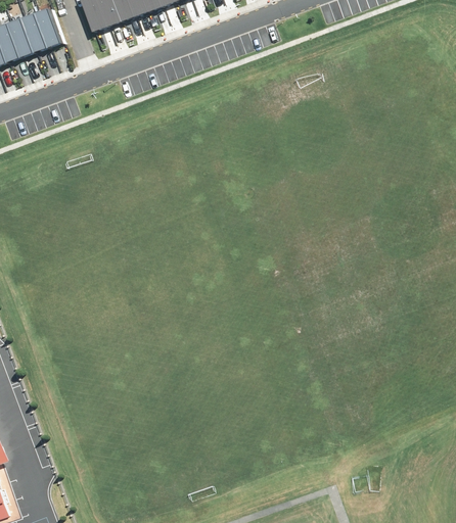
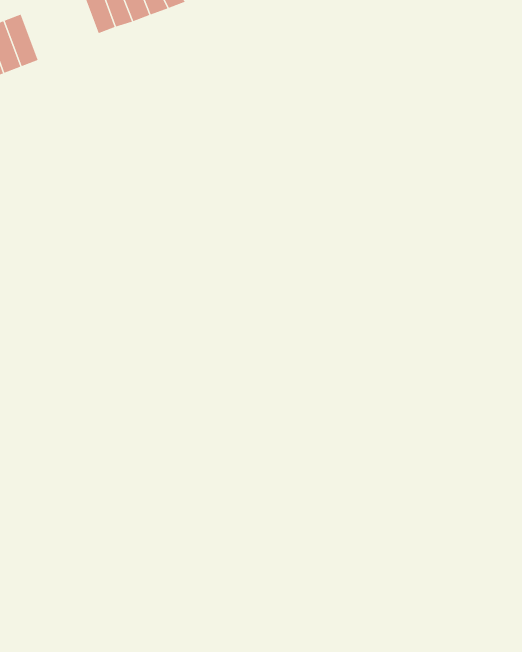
building: [33,7,60,48] -> none

